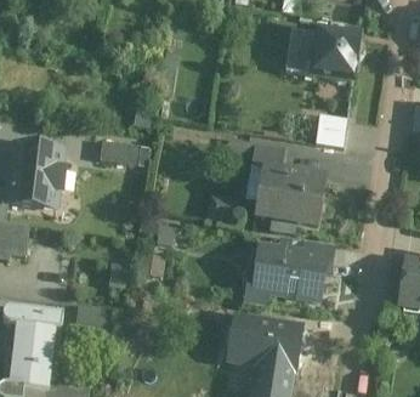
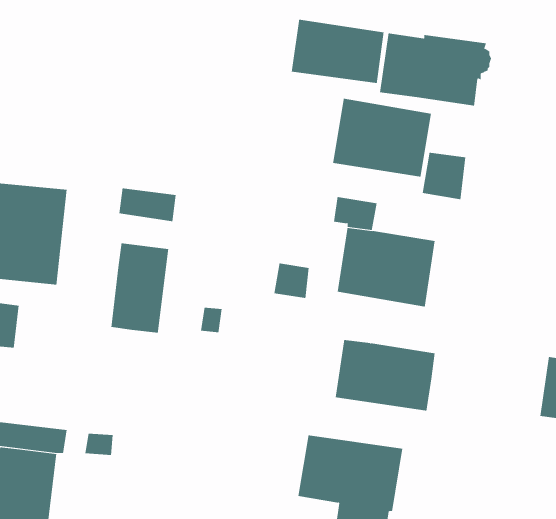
building: none -> [291,19,384,84]
building: none -> [333,98,432,177]
building: none -> [111,243,169,334]
building: [278,234,333,274] -> none

